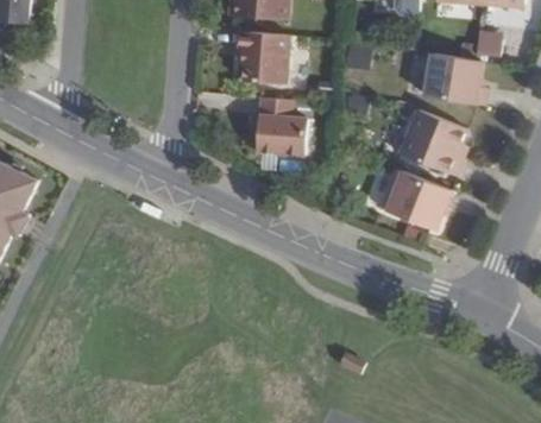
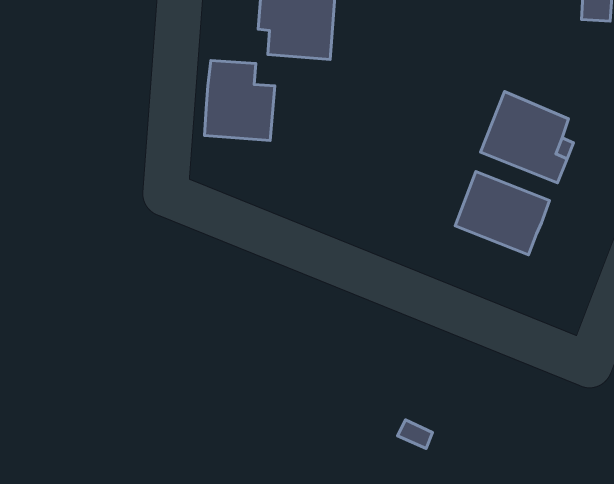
building: [423,52,486,105] -> none
building: [254,96,307,156] -> [204,60,275,140]

